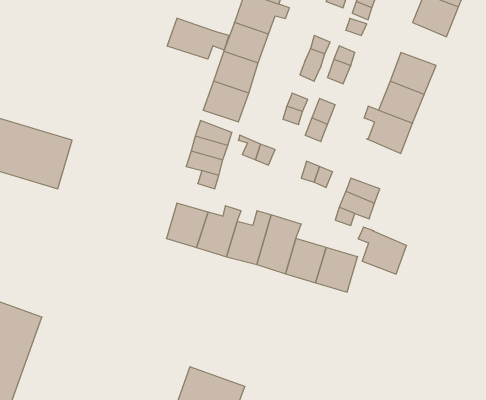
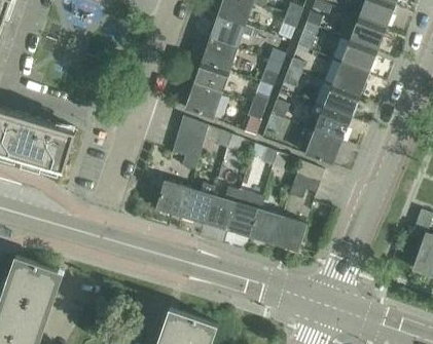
building: [167,18,229,59] -> none
building: none -> [339,39,375,73]
building: [358,227,407,274] -> [301,127,339,164]

